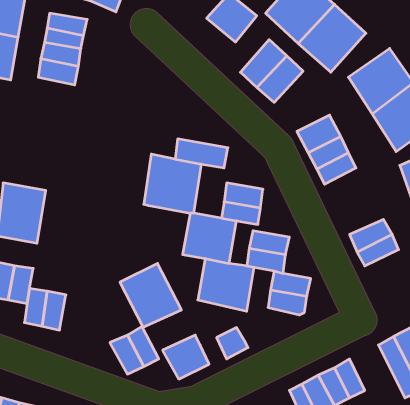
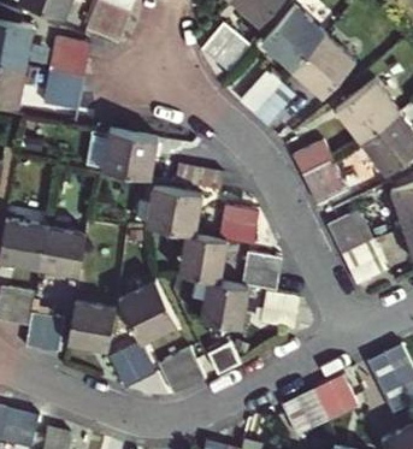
building: none -> [98,130,153,178]
building: none -> [323,208,372,255]
building: none -> [40,213,88,271]
building: none -> [69,294,119,351]

